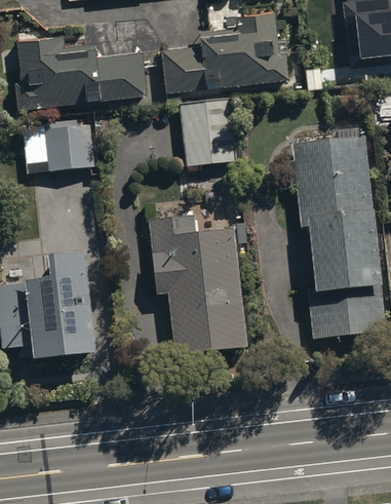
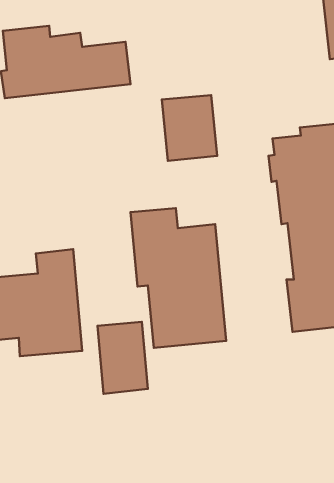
building: [161,9,288,91] -> none
building: [25,123,100,173] -> none
building: none -> [98,322,148,394]

